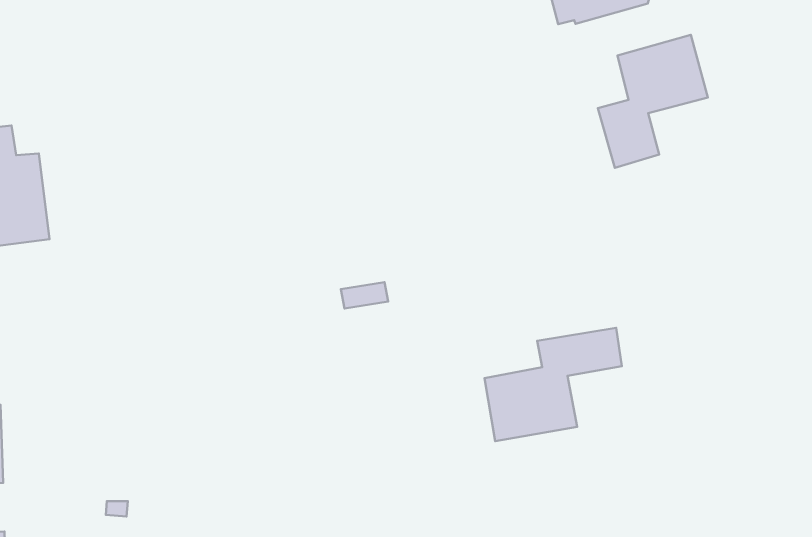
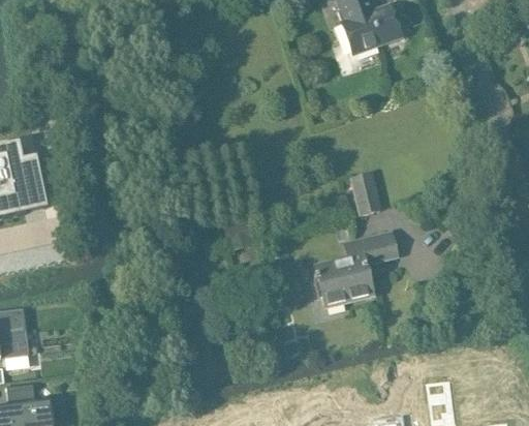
building: [598,35,708,168] -> none
building: none -> [349,174,377,214]

